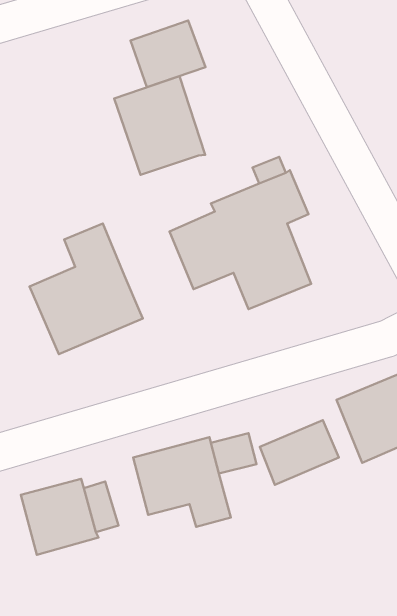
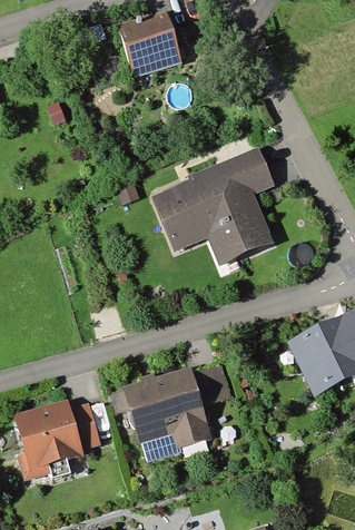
building: [114,76,205,175] -> none
building: [30,223,143,354] -> none
building: [260,420,339,485] -> none

